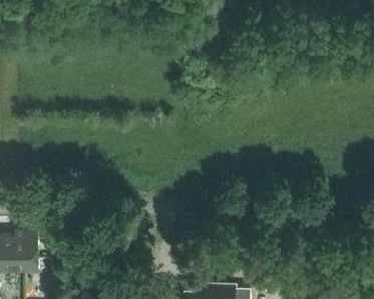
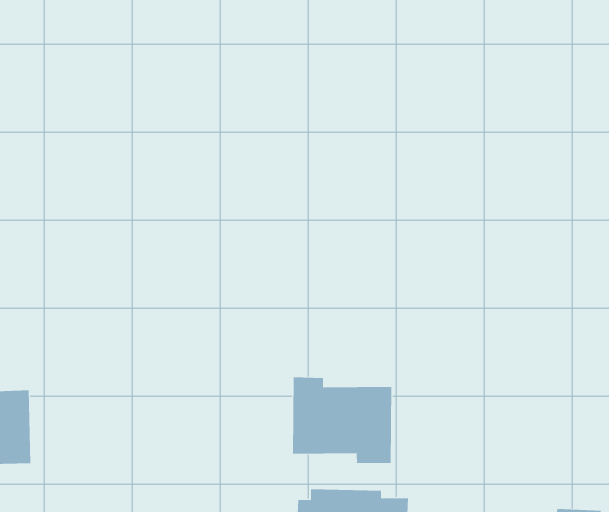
building: none -> [293,377,392,464]

